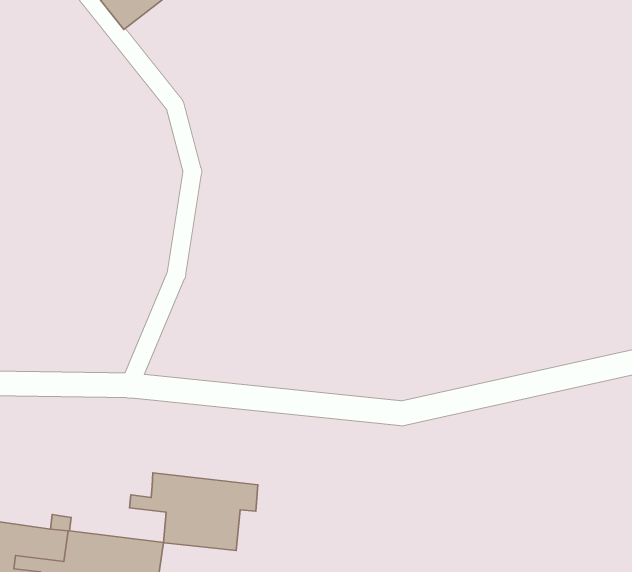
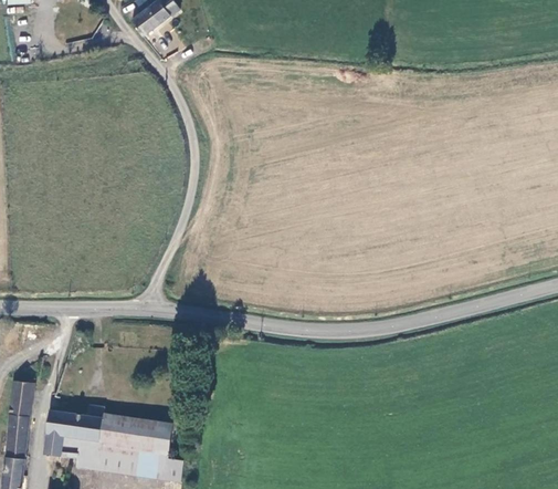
building: [129,473,258,550] -> none

